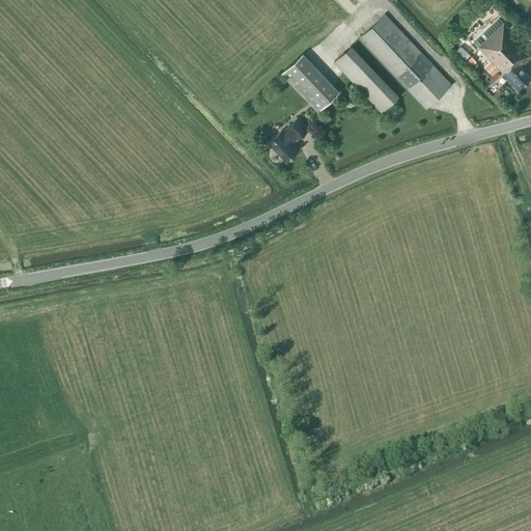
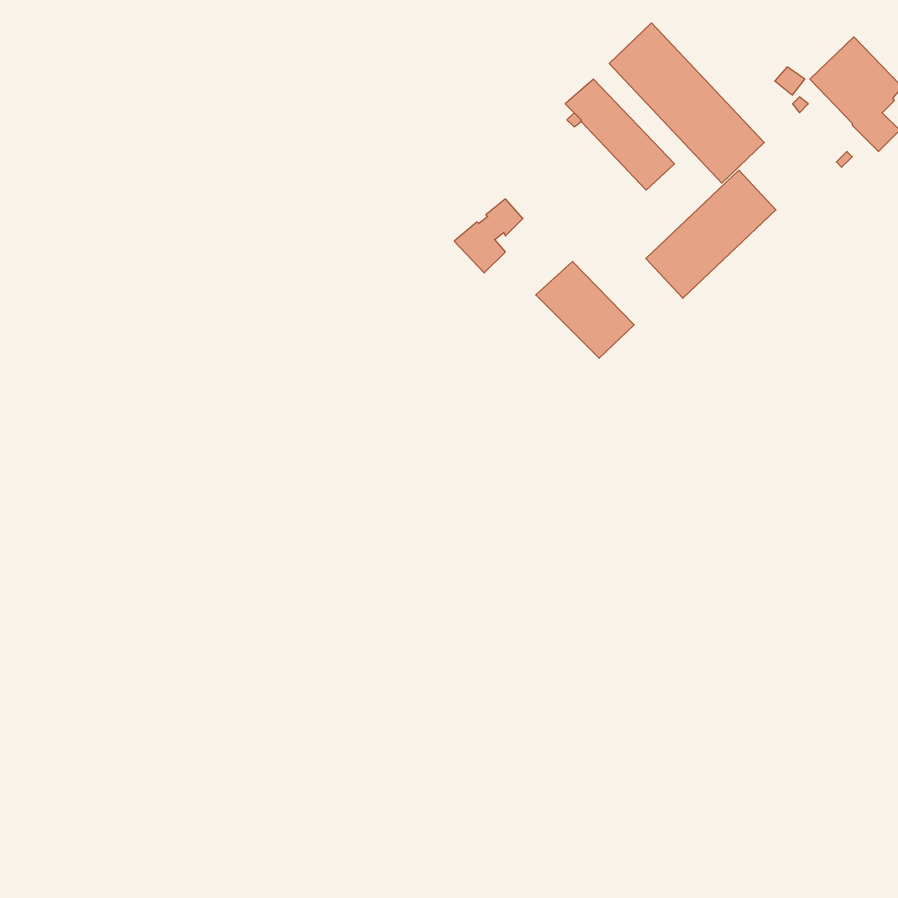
building: [281,55,339,112] -> [536,261,634,358]
building: none -> [646,170,776,298]

